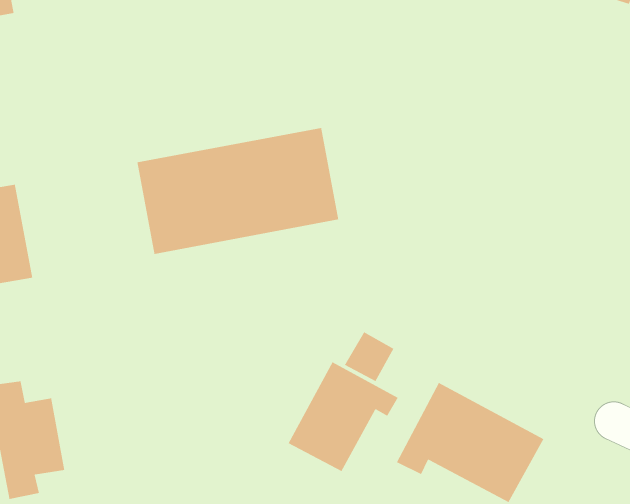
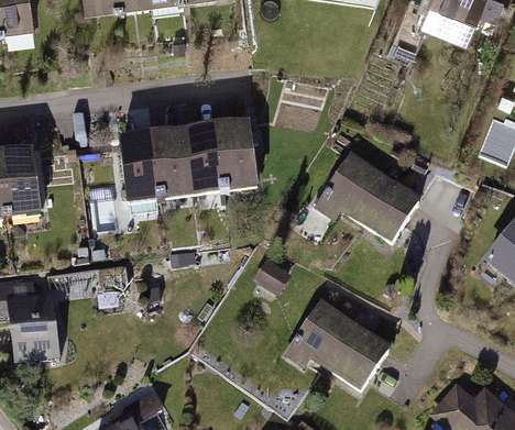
building: none -> [315,152,423,243]
building: [288,361,399,472] -> none

